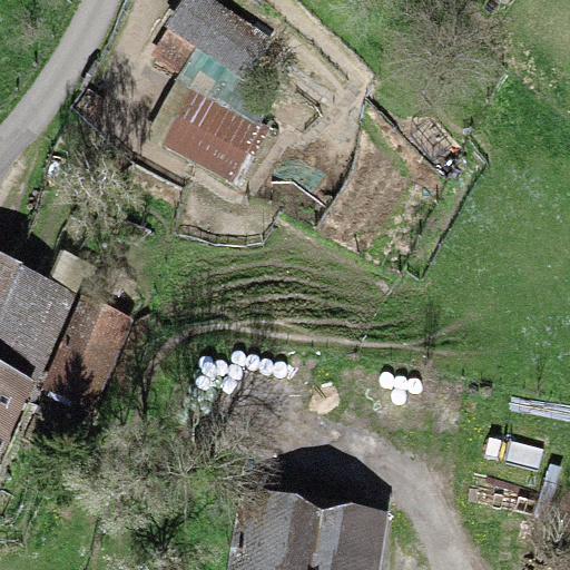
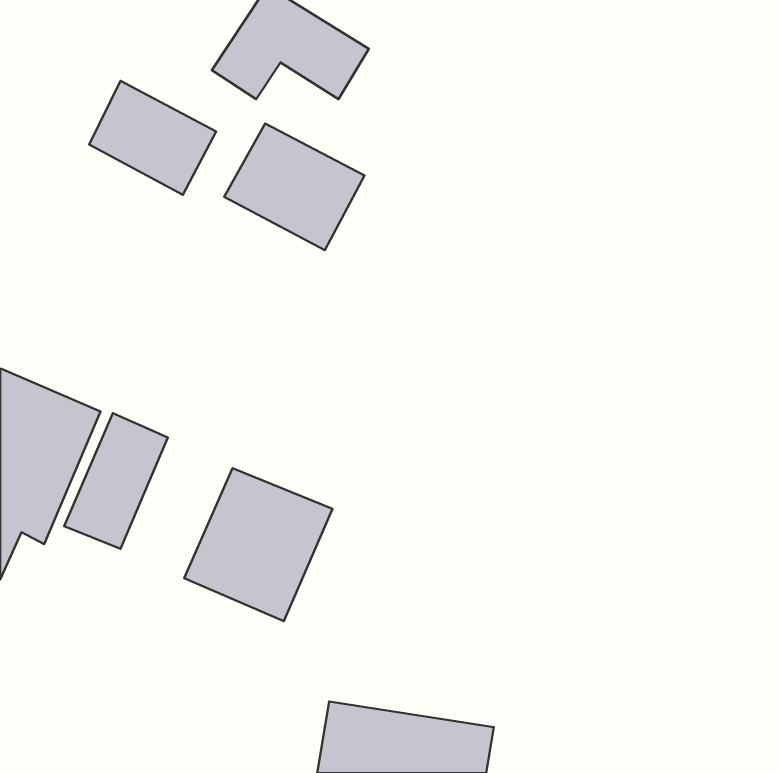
building: none -> [89,81,216,195]
building: none -> [184,468,332,621]

